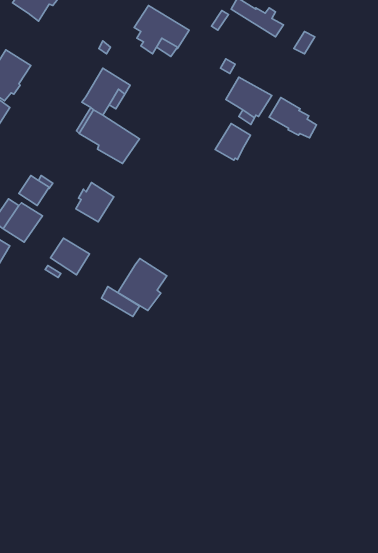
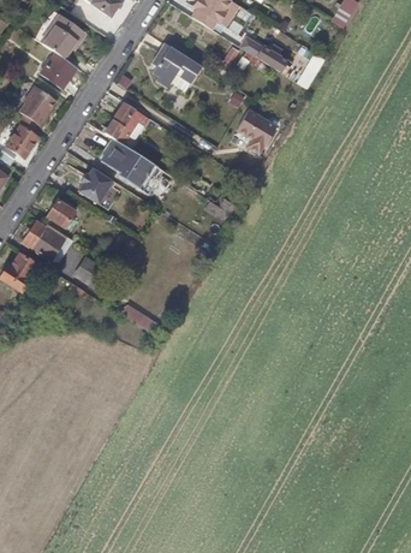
building: none -> [38,50,76,88]
building: [269,97,316,138] -> none
building: [215,124,251,160] -> none
building: [76,183,114,222] -> [78,167,113,203]
building: [118,258,167,311] -> none

